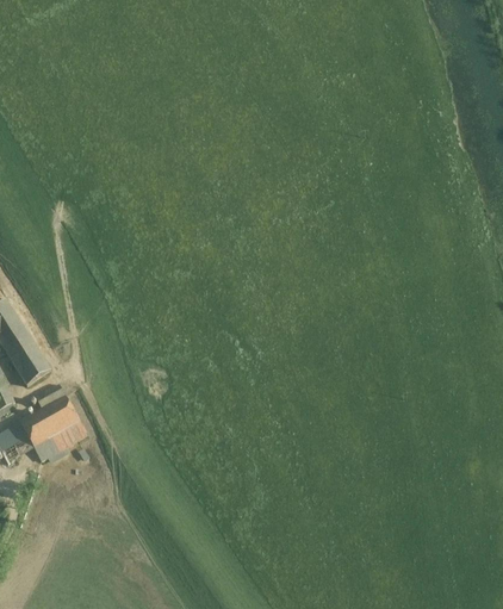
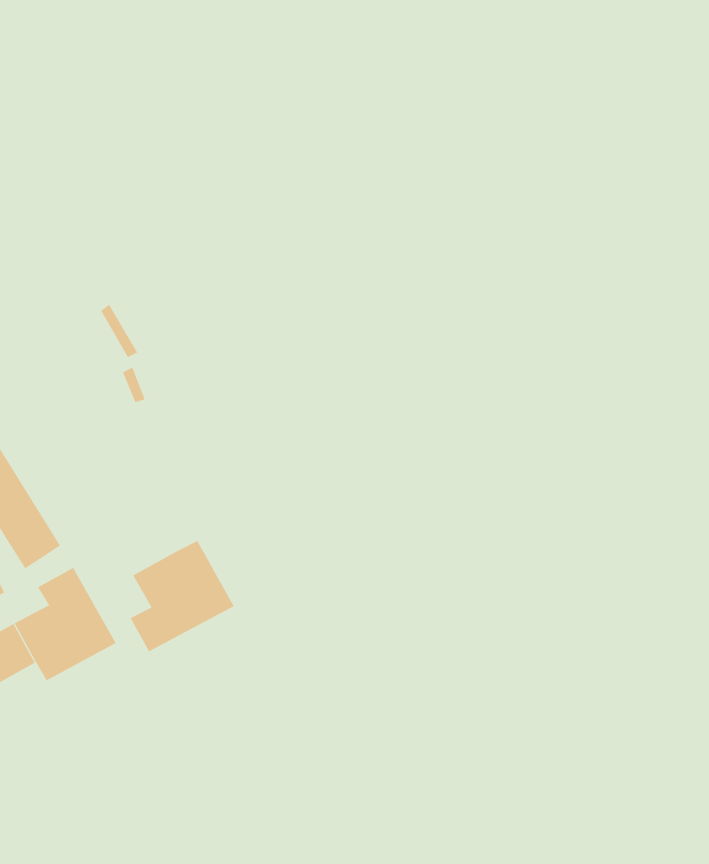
building: none -> [130,540,235,652]

